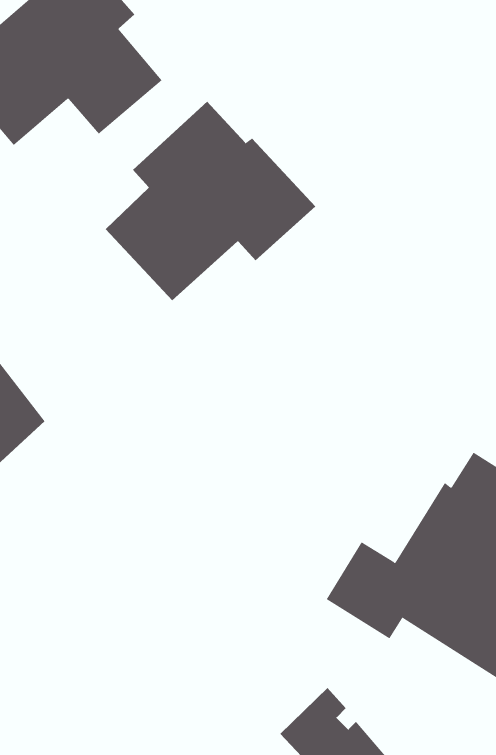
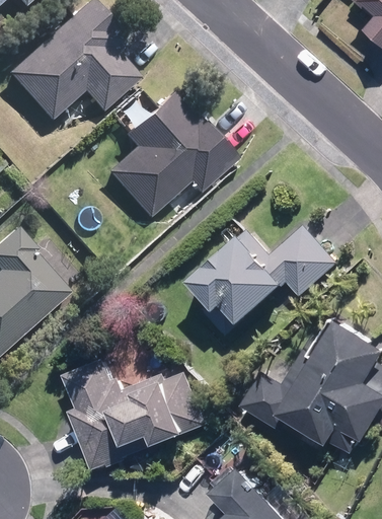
building: none -> [190,224,340,324]
building: none -> [66,357,209,471]

